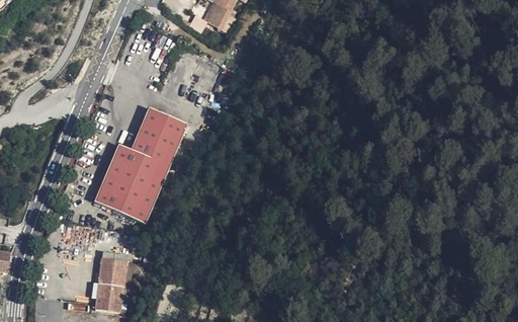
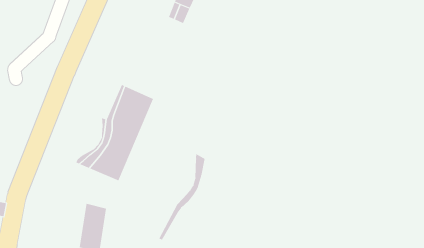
building: [95,145,124,196] -> none
building: none -> [159,153,205,240]

